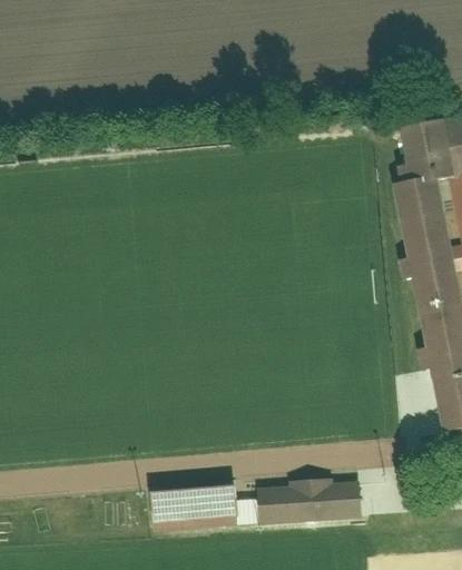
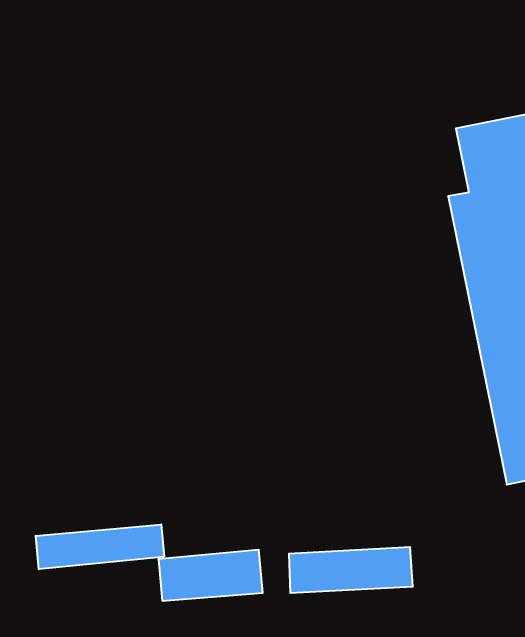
building: none -> [36,524,164,569]

